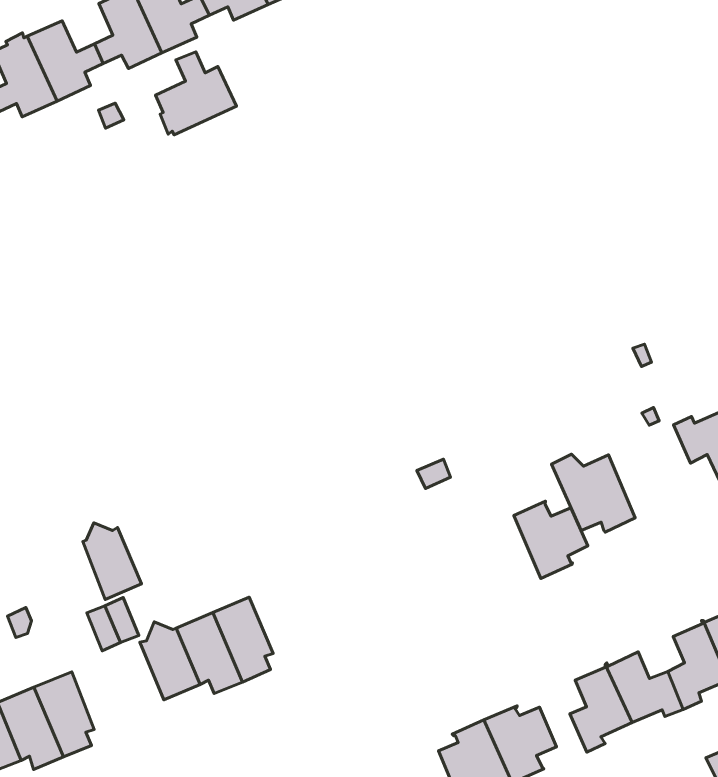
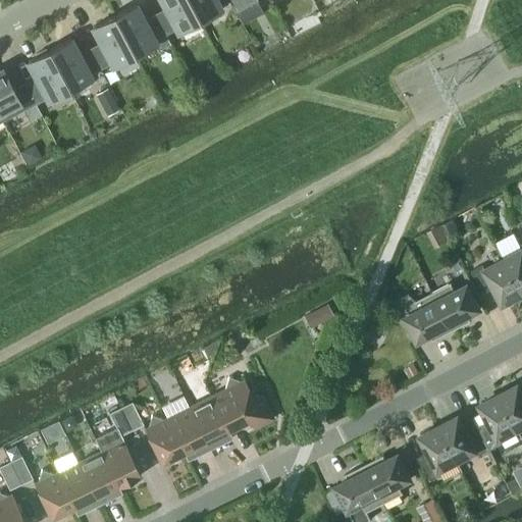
building: [155,52,236,135] -> none
building: [514,501,588,578] -> [432,283,480,332]
building: [83,523,142,599] -> [102,439,141,487]
building: none -> [211,378,273,432]

